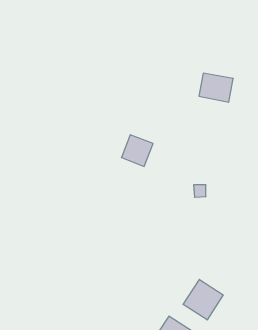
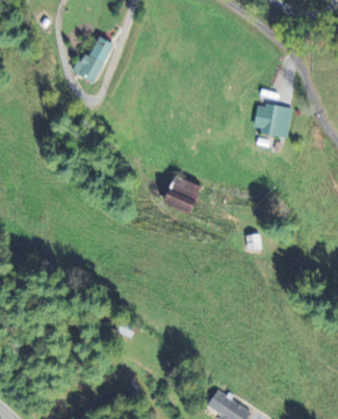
building: none -> [74,35,115,82]
building: [183,279,223,320] -> none

